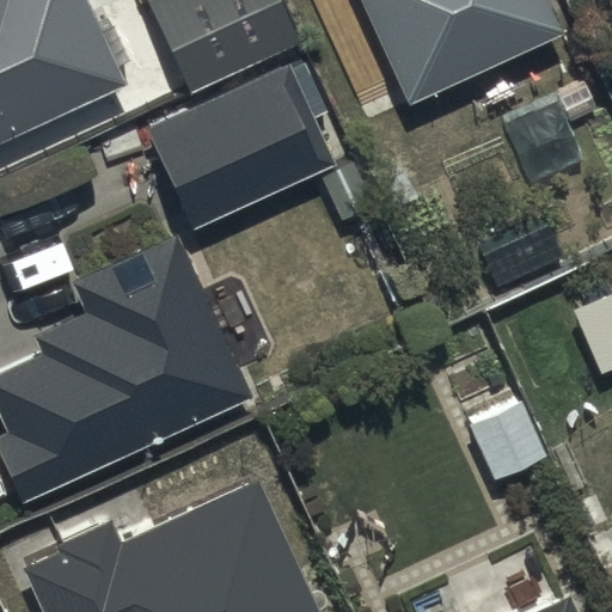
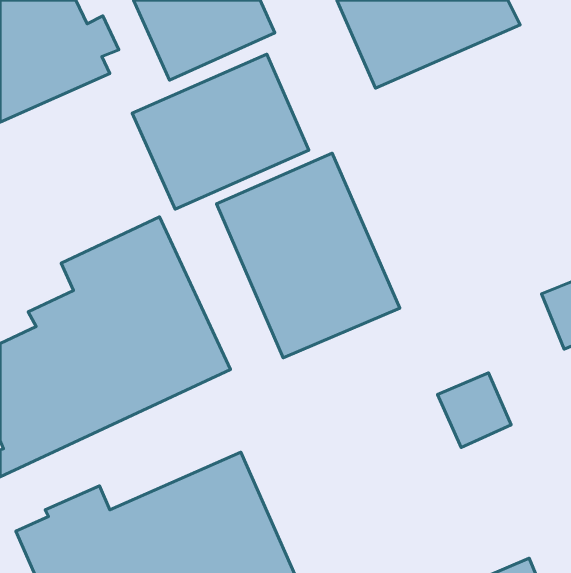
building: none -> [217,153,400,358]

